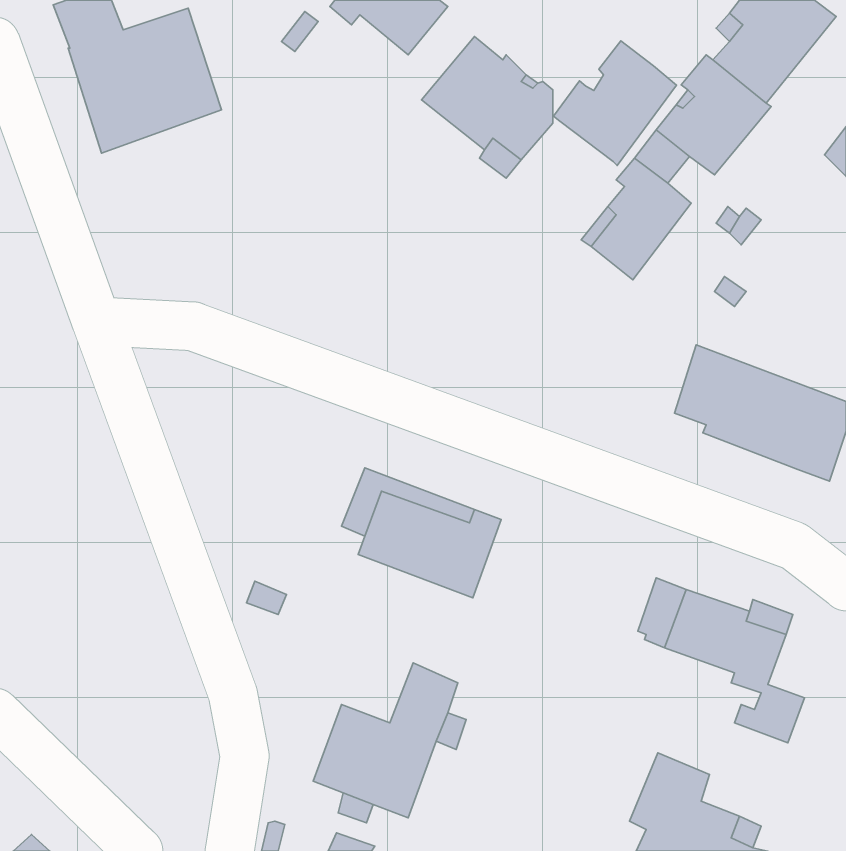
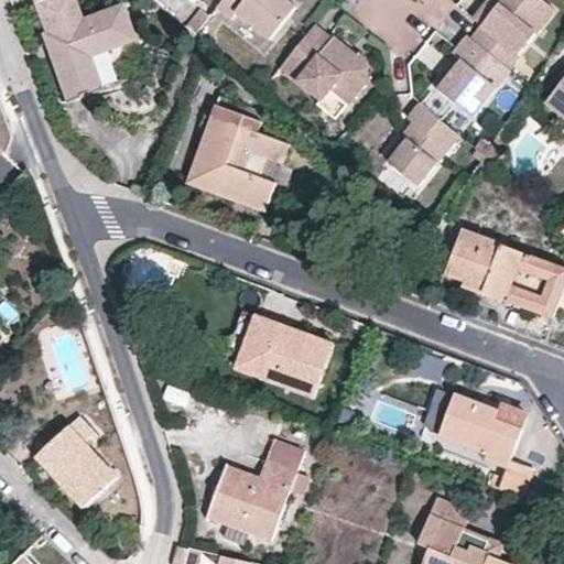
building: [554,41,677,165] -> none
building: none -> [187,105,288,212]
building: none -> [32,411,112,502]

